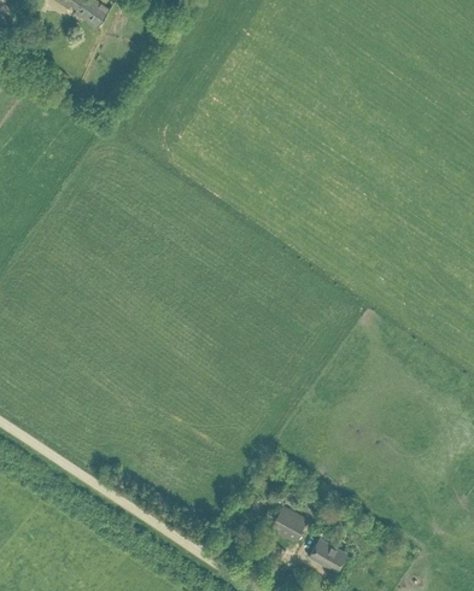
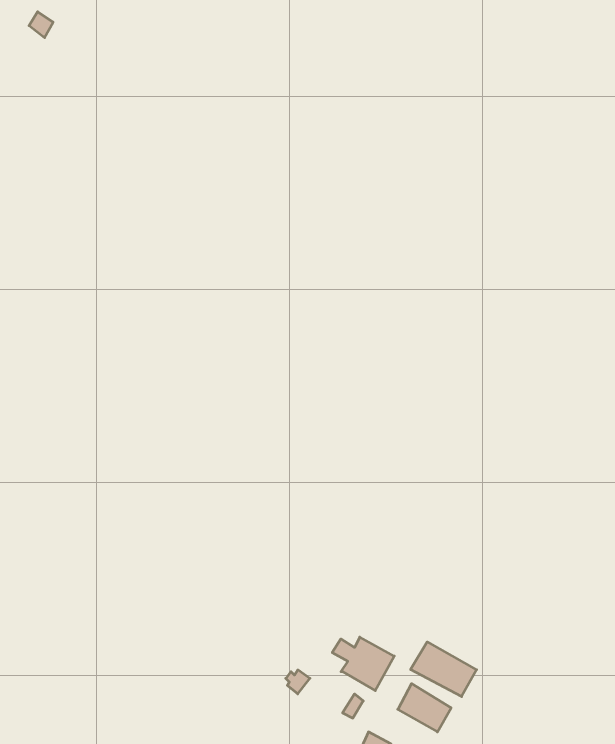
building: none -> [411,642,477,697]

